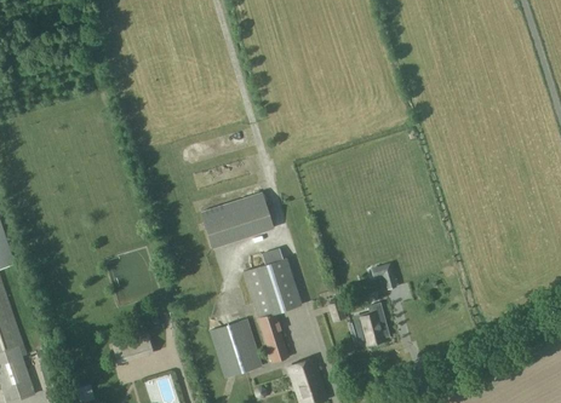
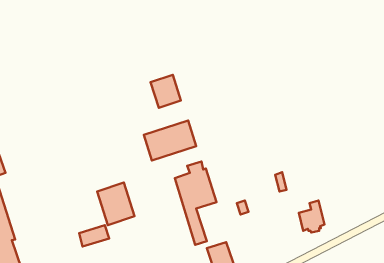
building: none -> [151,75,181,108]
building: [354,305,389,349] -> [299,201,325,232]
building: [210,319,261,378] -> [97,183,134,225]

